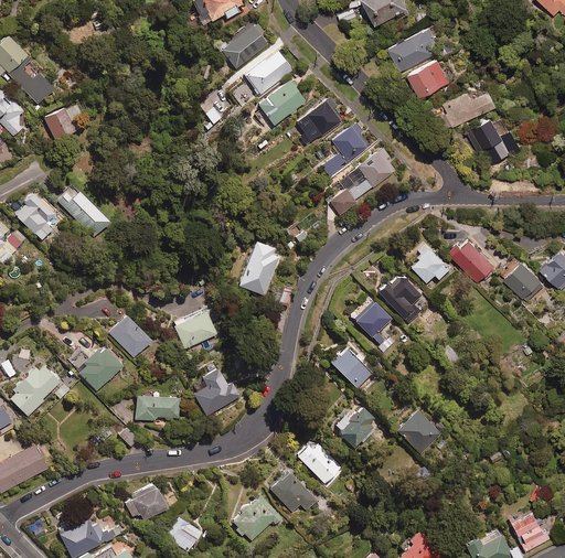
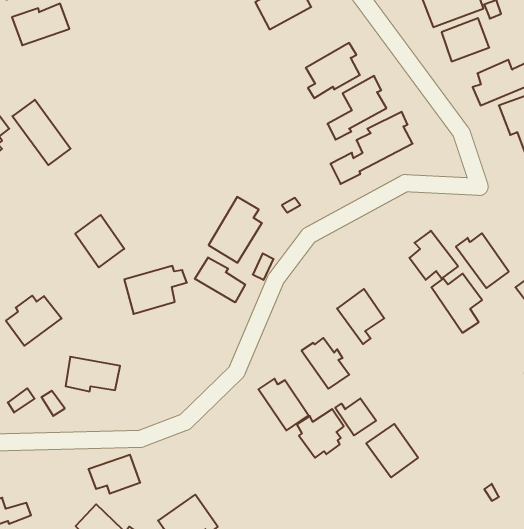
building: [257,78,307,125] -> none
building: [377,275,422,324] -> [431,274,482,333]
building: none -> [195,257,245,302]
building: [109,314,152,358] -> [75,215,124,267]
building: [193,366,241,417] -> none
building: none -> [335,398,376,435]
building: [297,443,342,485] -> [258,379,308,430]
building: [270,471,317,512] -> none
building: [122,485,168,521] -> [88,455,140,494]

